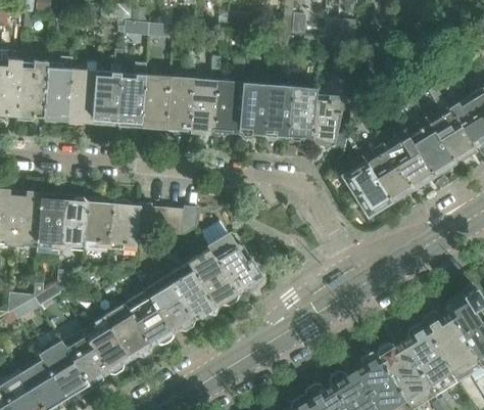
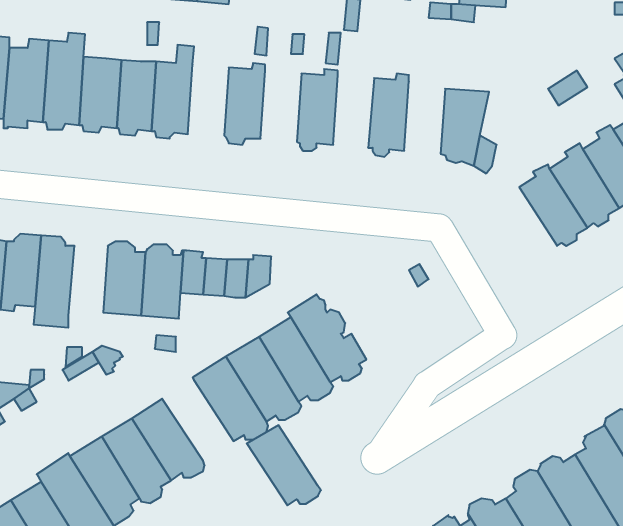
building: [140,75,167,130] -> none
building: [189,79,216,133] -> none
building: [238,83,265,137] -> none
building: [286,86,314,140] -> none
building: [341,158,389,214] -> none
building: [59,196,86,248] -> none
building: [123,291,173,346] -> [247,425,321,505]

